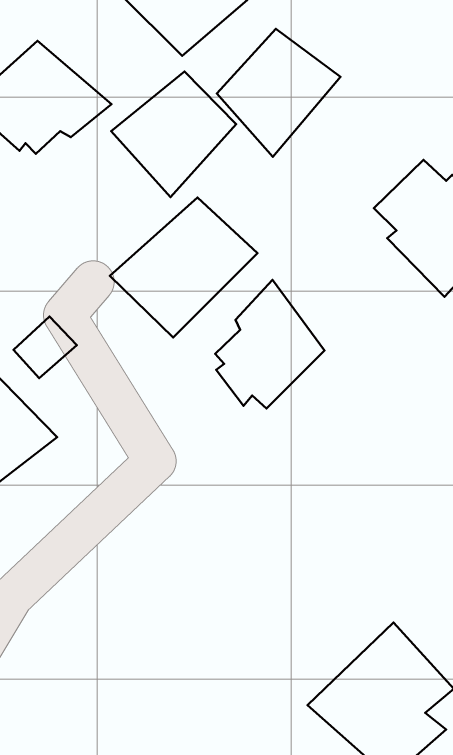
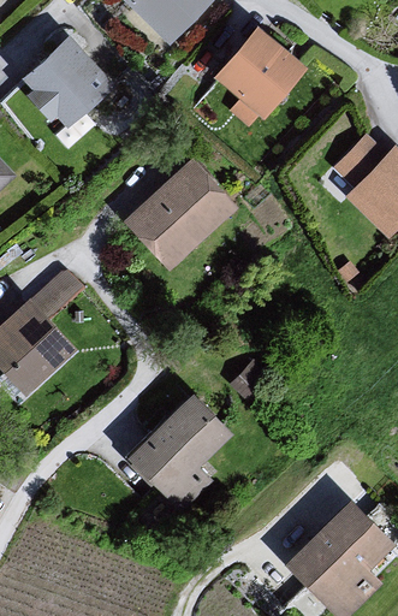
building: [111,71,236,197] -> none
building: [215,280,325,408] -> none
building: none -> [126,390,234,516]

